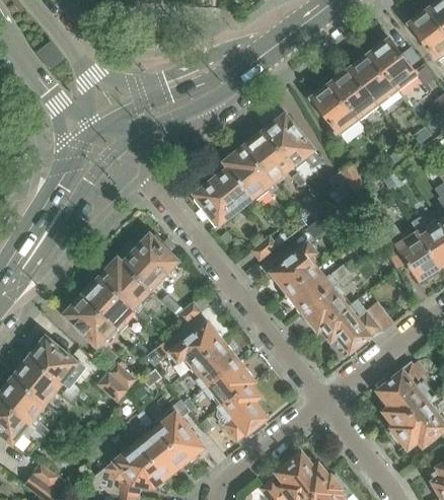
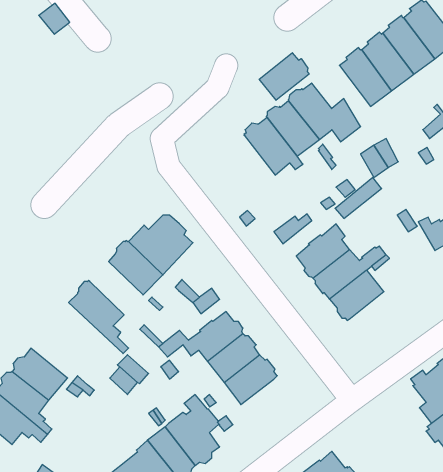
building: none -> [259,53,309,100]
building: [194,163,251,229] -> none
building: [82,279,131,333] -> none
building: [320,302,393,354] -> none
building: [28,338,78,385] -> none
building: [216,386,270,443] -> none

